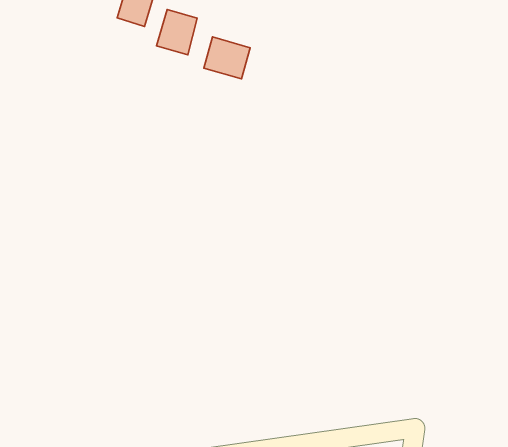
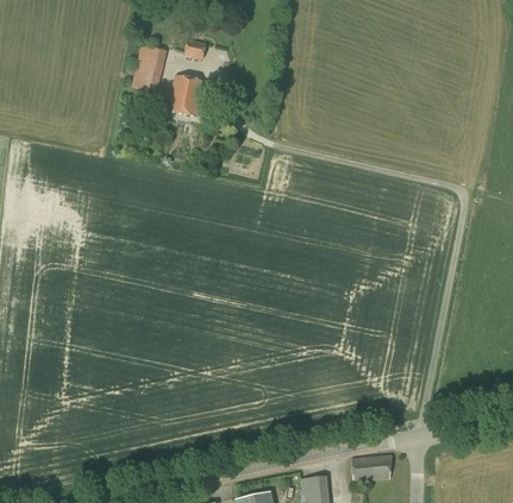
building: [204,37,250,79] -> none

